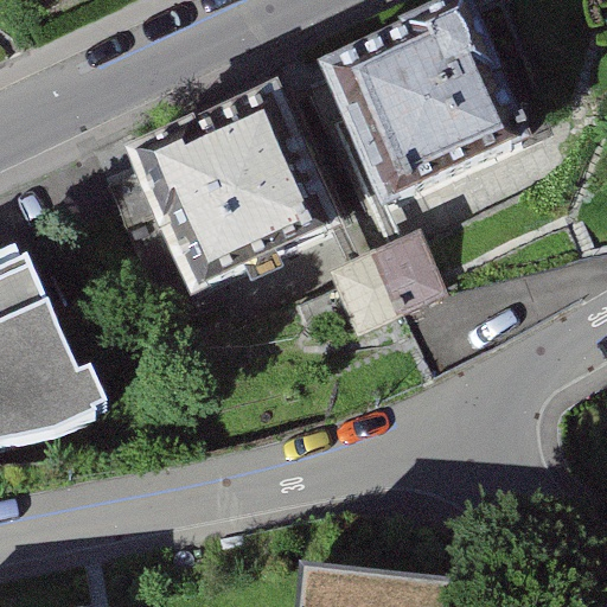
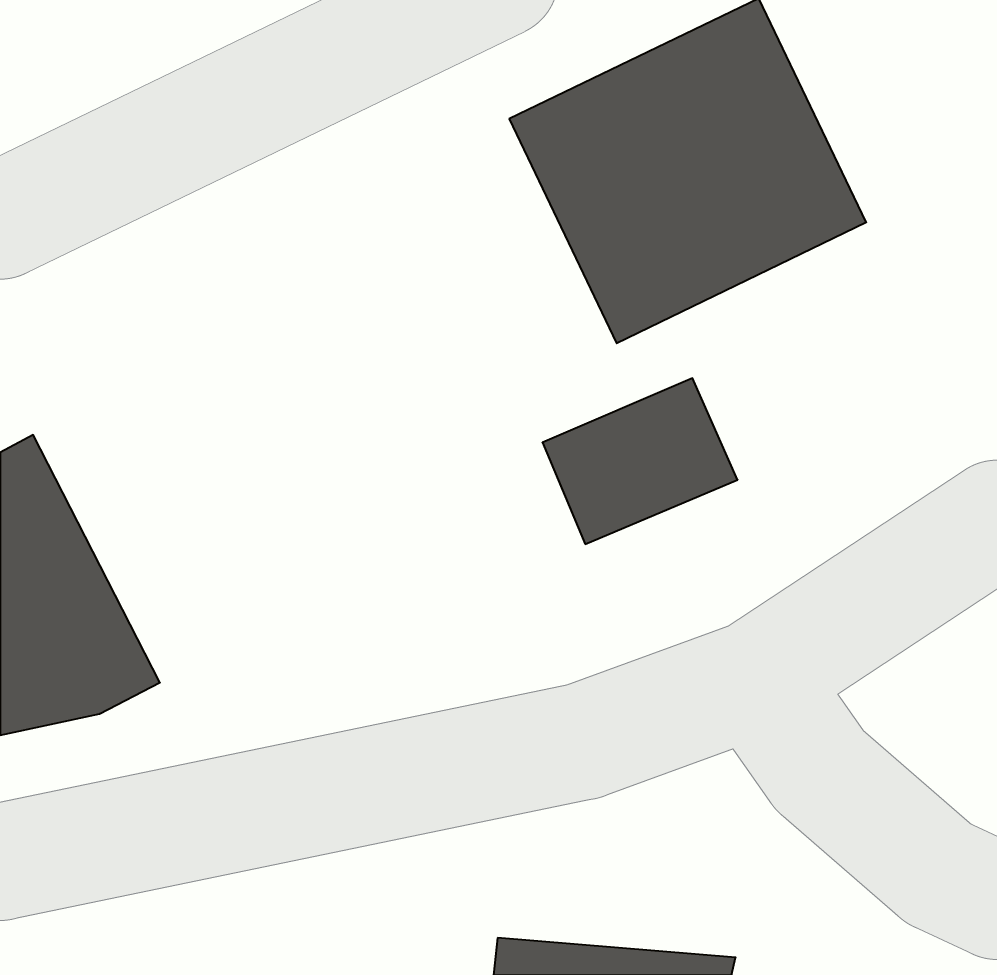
building: [110,89,344,305] -> none

